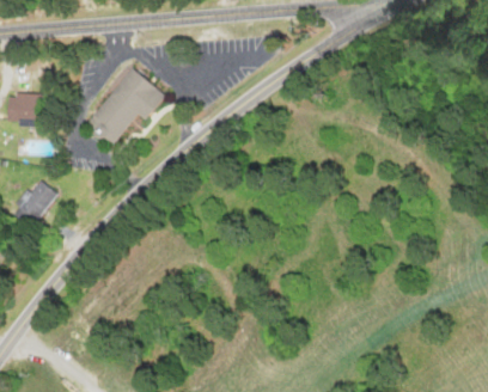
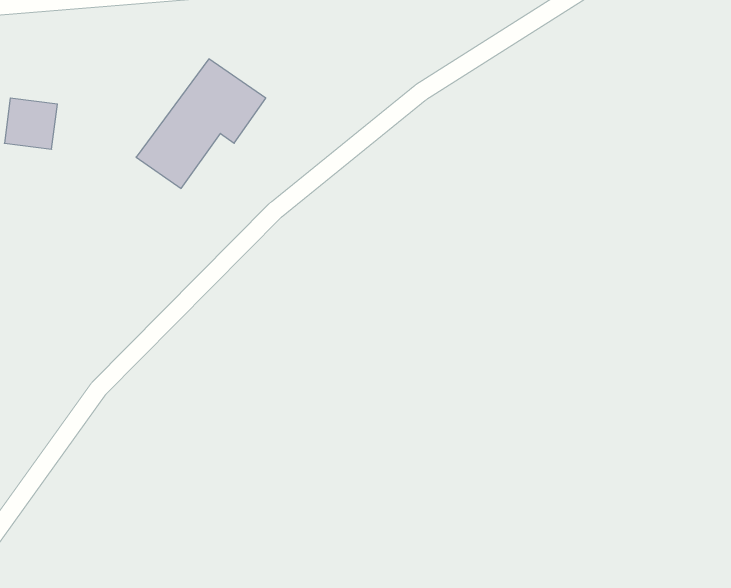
building: [14,180,56,225] -> none

